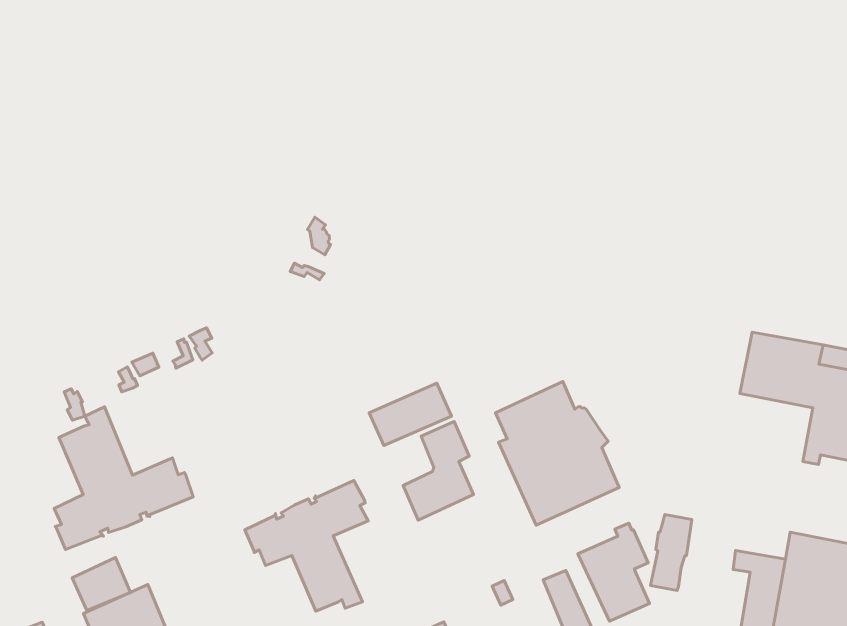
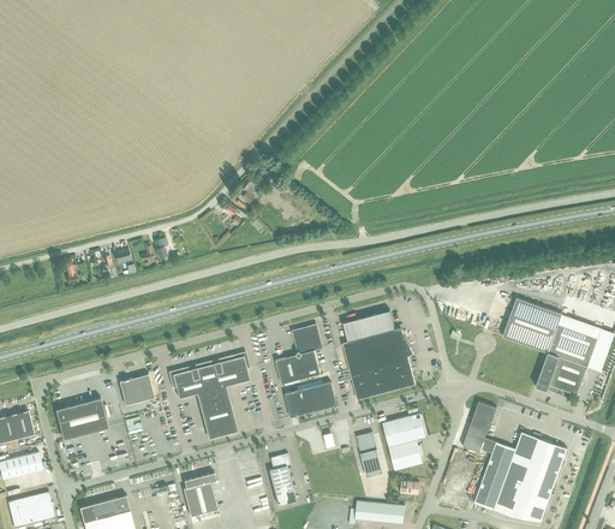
building: [369,383,451,446] -> [283,382,336,417]
building: [54,407,193,549] -> none
building: [650,514,692,590] -> [461,402,495,452]
building: [72,558,130,611] -> [118,374,154,405]

